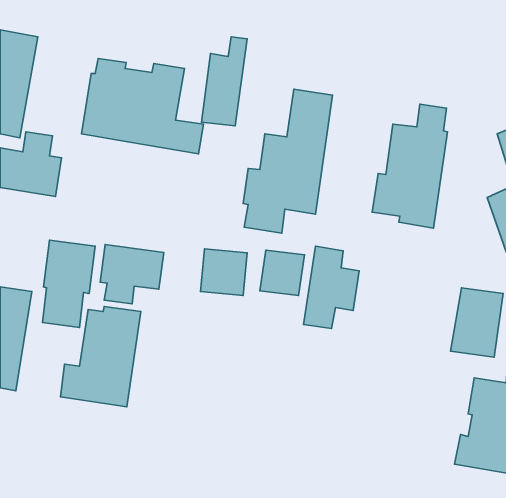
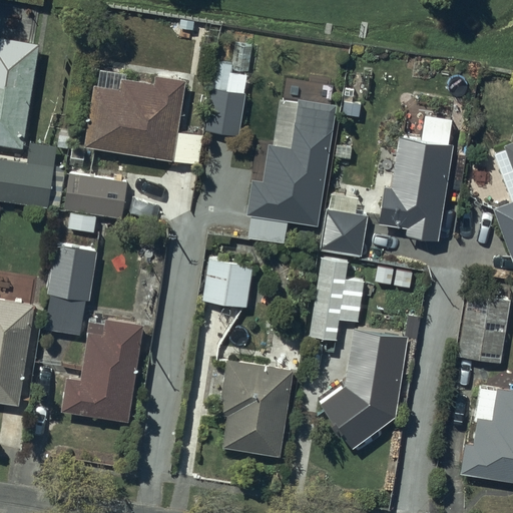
building: [100,244,164,304] -> [64,174,128,234]
building: [260,250,304,296] -> [320,209,365,255]
building: none -> [318,334,407,454]
building: none -> [217,359,293,454]

